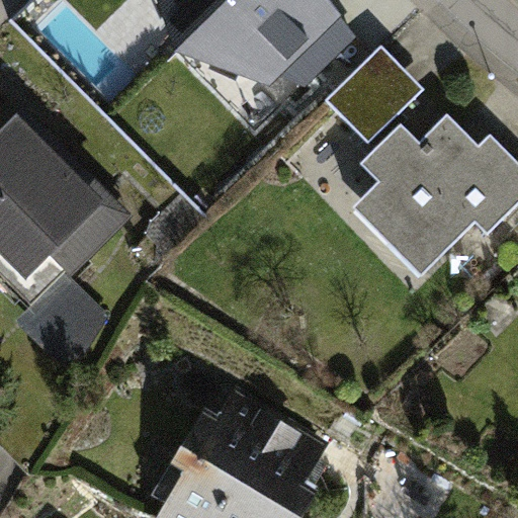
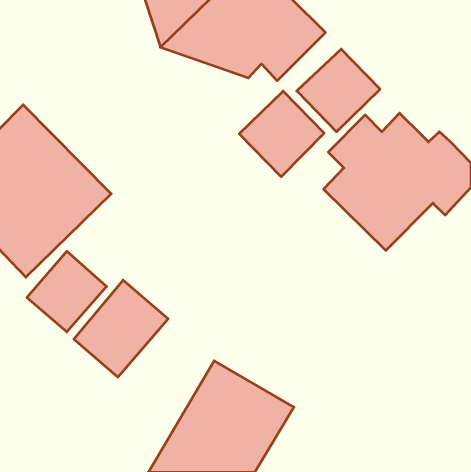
building: none -> [239,91,324,177]
building: none -> [74,280,168,377]

